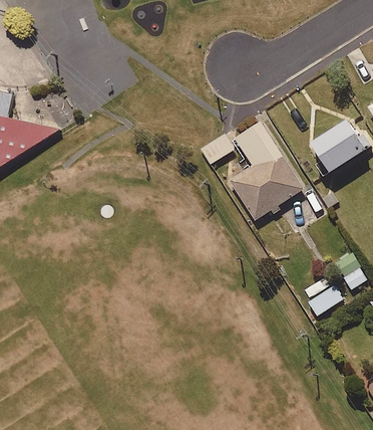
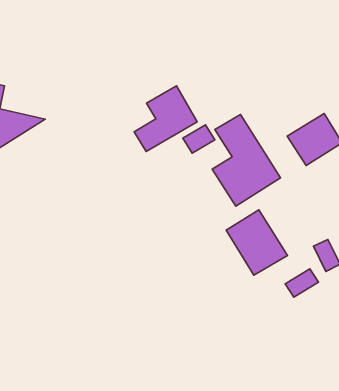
building: none -> [134,86,197,152]
building: none -> [226,210,287,275]

